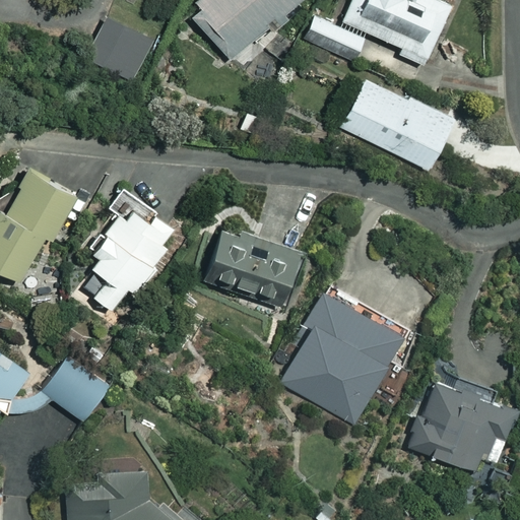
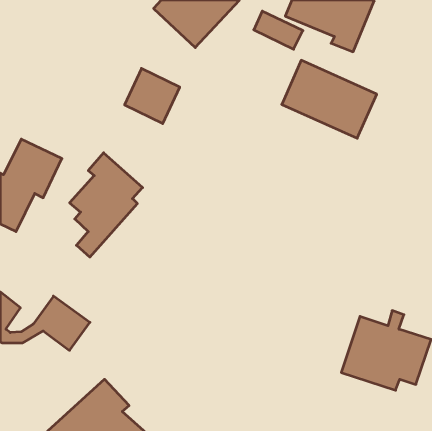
building: [87,16,153,82] -> [125,68,180,124]
building: [201,222,298,312] -> none
building: [280,294,401,422] -> none

